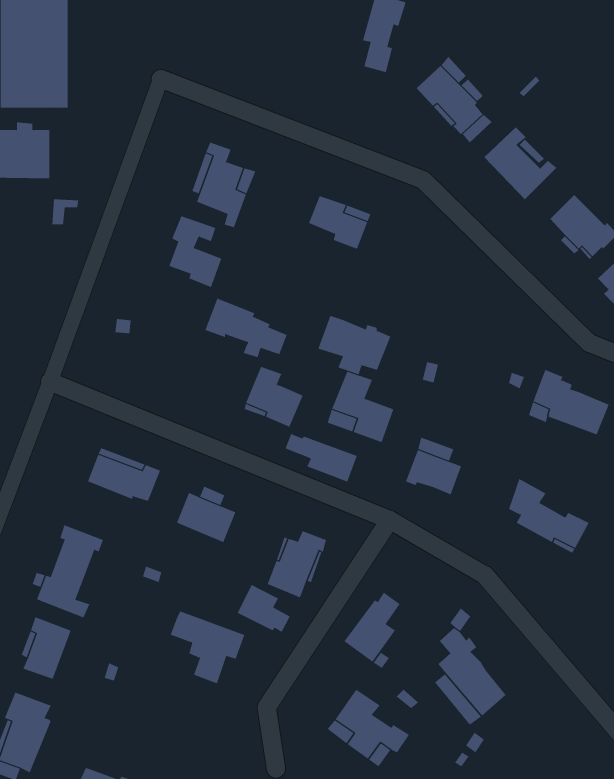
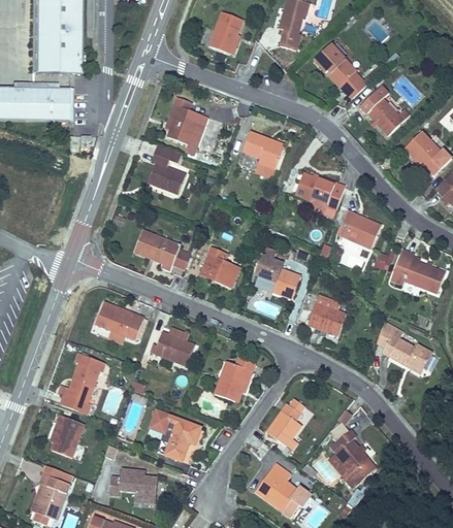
building: none -> [208,11,242,55]
building: [204,298,287,358] -> [134,230,190,270]
building: none -> [337,210,381,248]
building: [318,315,391,375] -> [295,172,345,212]
building: [285,433,358,482] -> none
building: [237,584,291,633] -> none
building: none -> [108,468,157,498]

